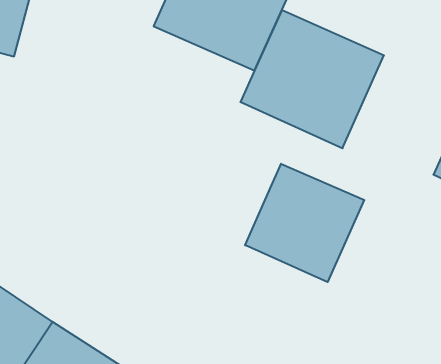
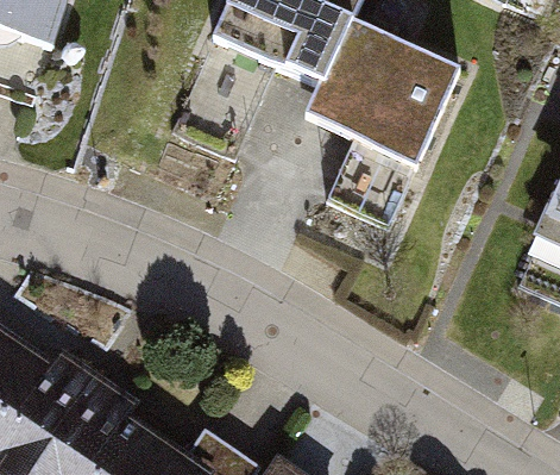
building: [245,164,364,282] -> none

